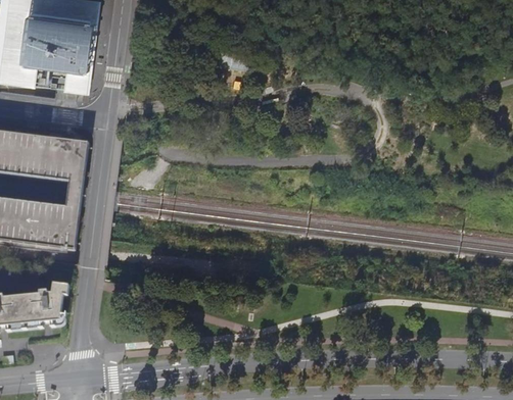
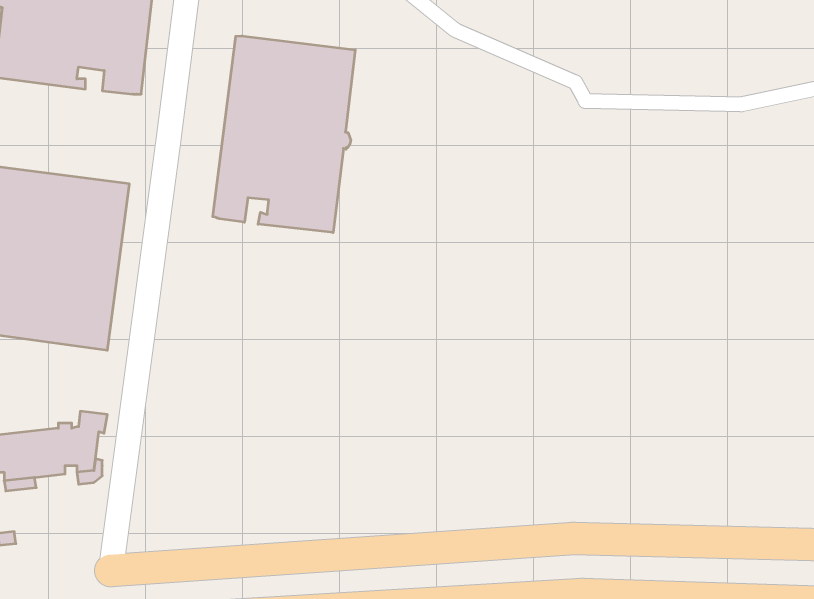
building: none -> [213,36,355,233]

